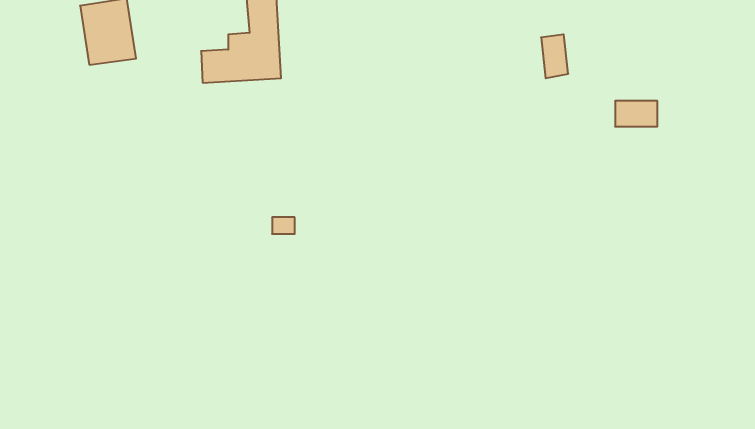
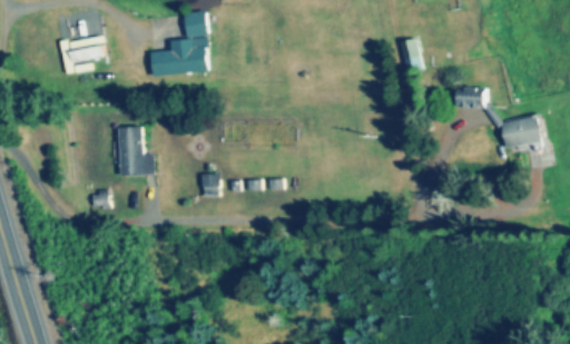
building: none -> [501,116,547,151]
building: none -> [117,126,154,175]

